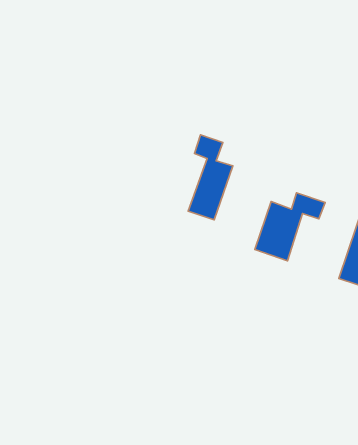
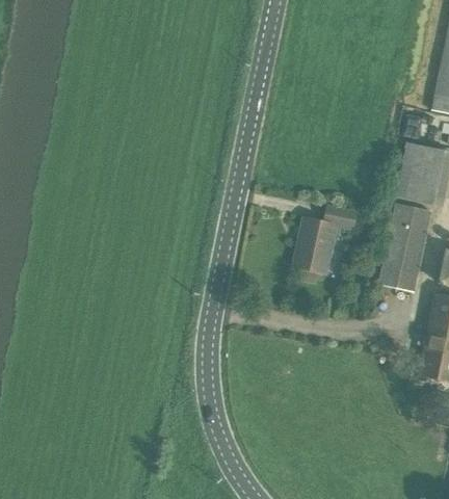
building: [188,135,233,220] -> none

